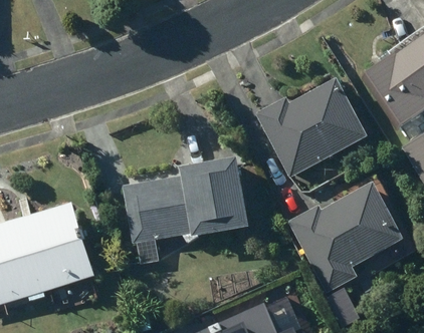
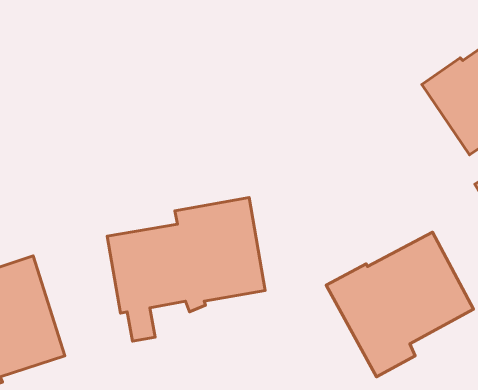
building: [255,77,368,178] -> none

